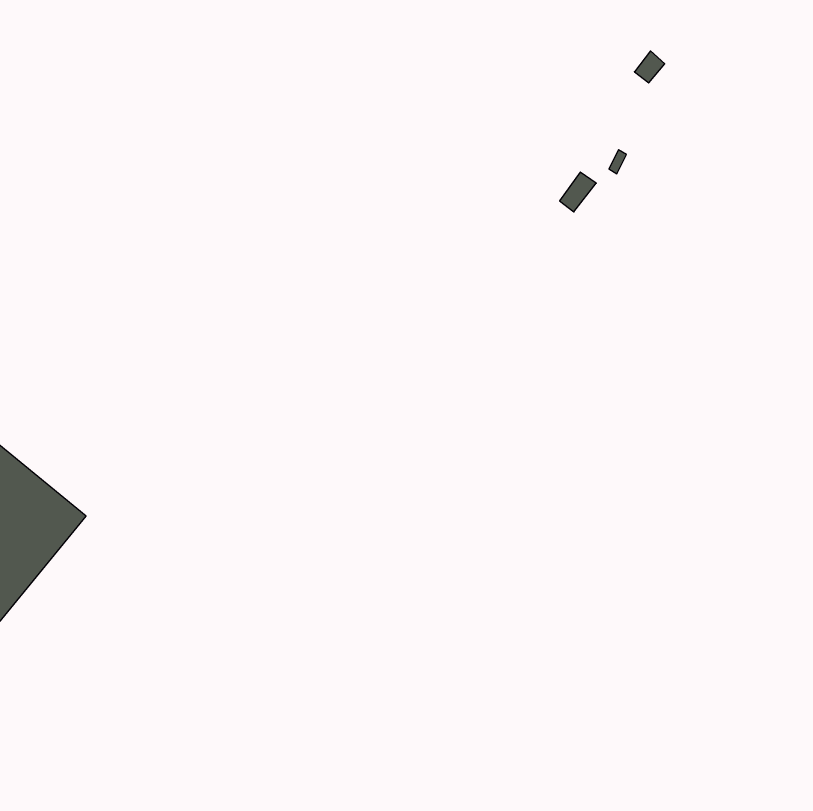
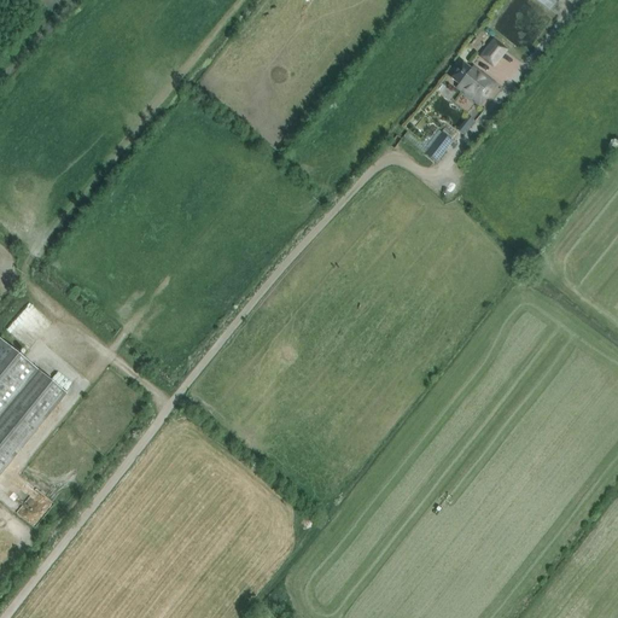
building: none -> [449,60,492,101]

